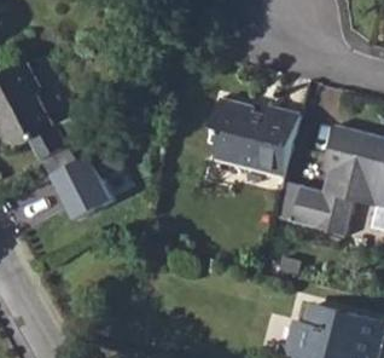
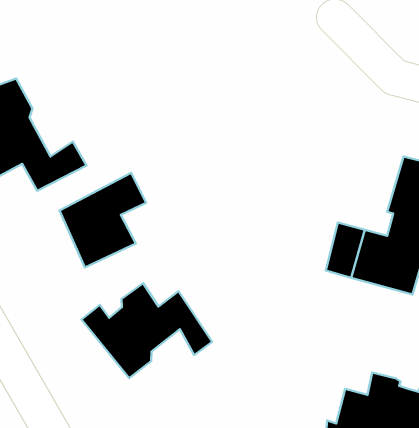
building: [210,96,302,178] -> none
building: none -> [81,283,212,378]

